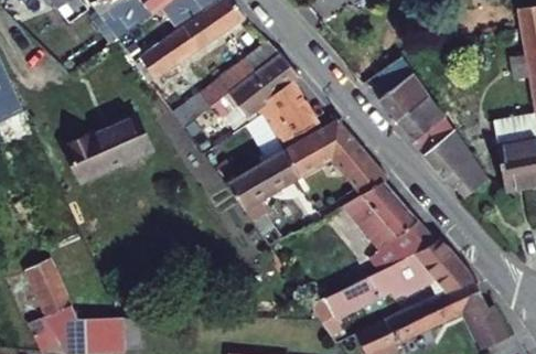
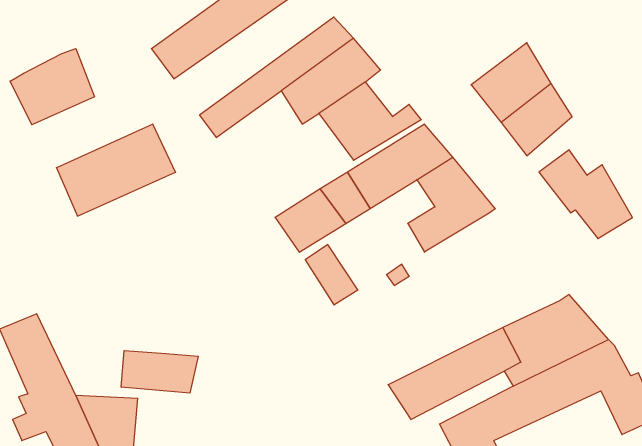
building: none -> [10,49,95,125]
building: [336,181,435,273] -> none
building: none -> [121,351,198,393]

